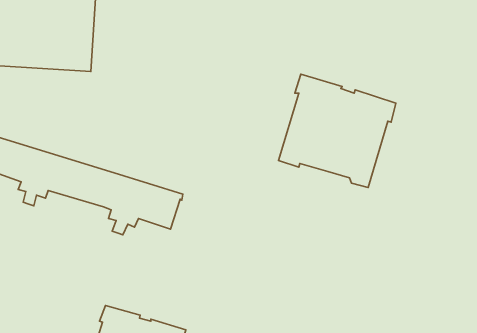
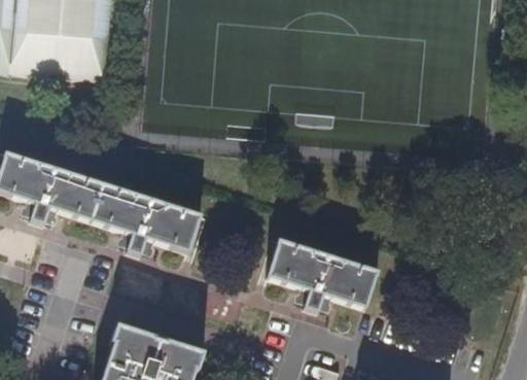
building: [279,74,396,187] -> none
building: none -> [269,241,377,312]

